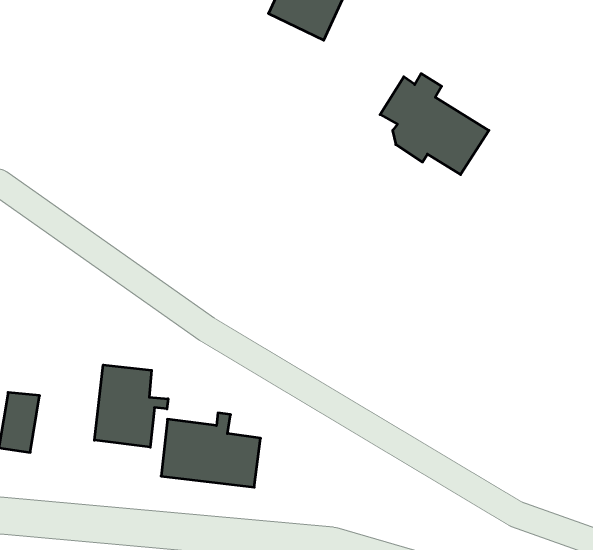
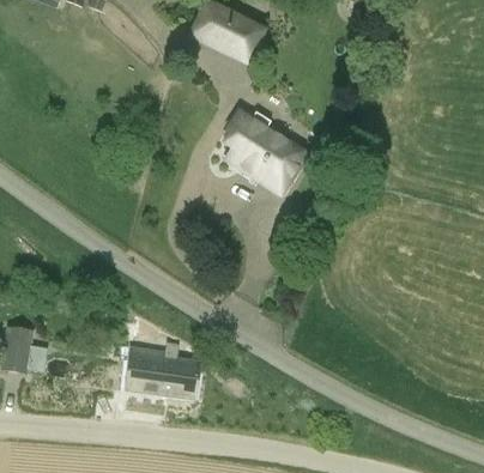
building: [380,74,489,175] -> [223,109,305,186]
building: [94,365,168,447] -> none

